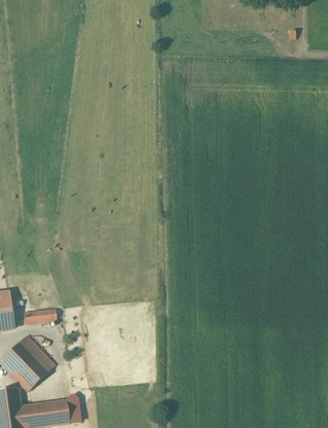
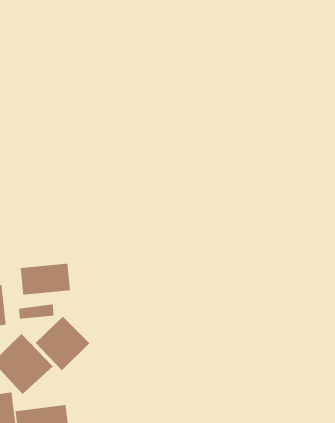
building: none -> [20,263,71,296]
building: none -> [35,316,90,371]

